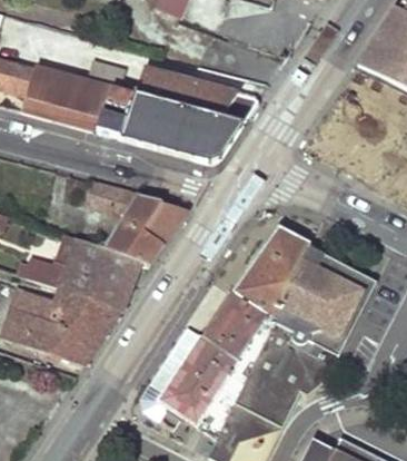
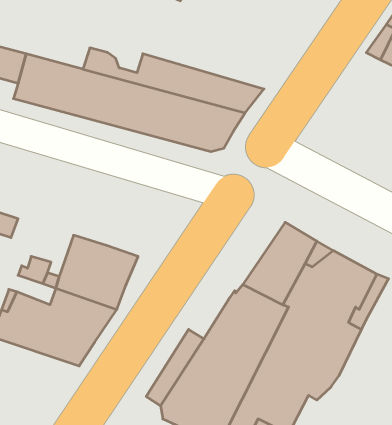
building: [88,184,187,263] -> none

